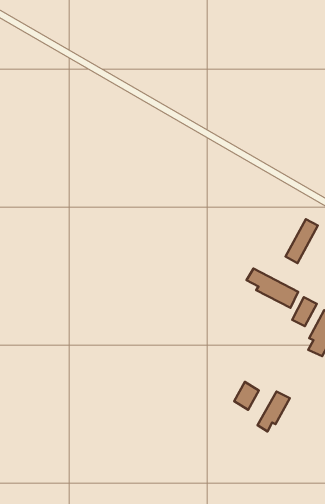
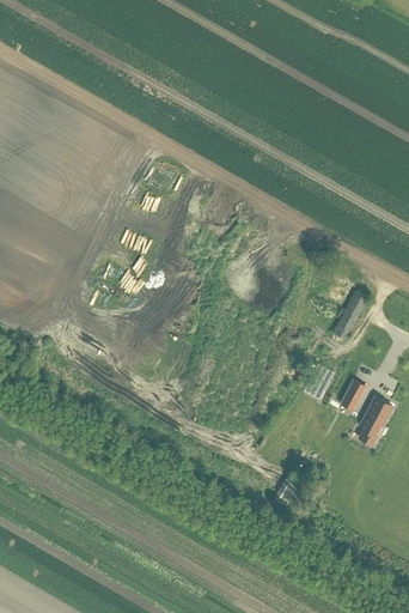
building: [246,269,298,308] -> none
building: [258,391,290,432] -> none

